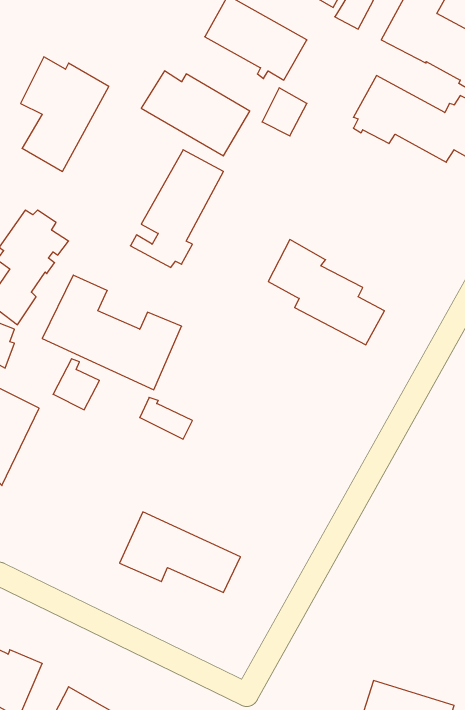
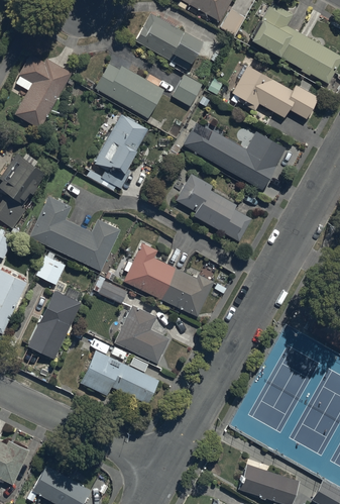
building: none -> [183,121,286,190]
building: none -> [123,242,213,316]
building: none -> [28,290,82,359]
building: none -> [113,304,168,364]

